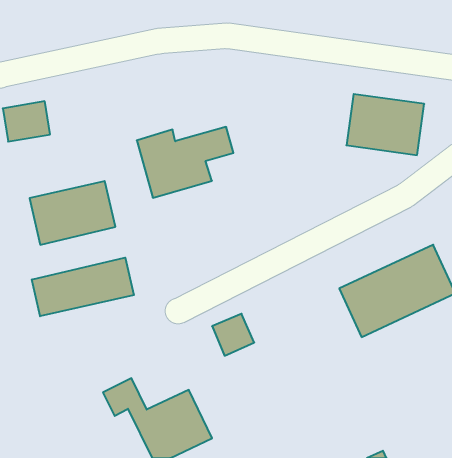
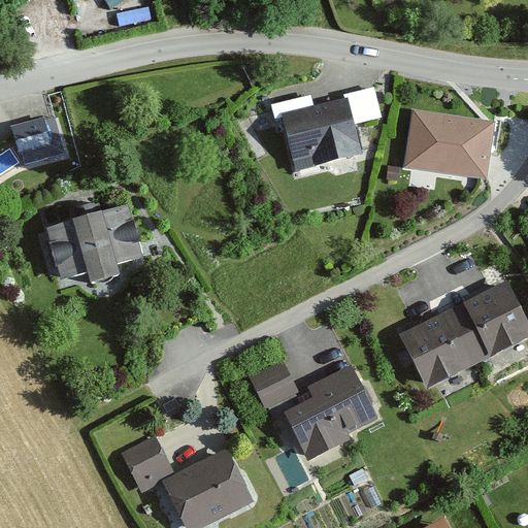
building: [137,127,233,198] -> [272,90,384,171]
building: [32,258,134,316] -> none
building: none -> [284,364,382,461]

